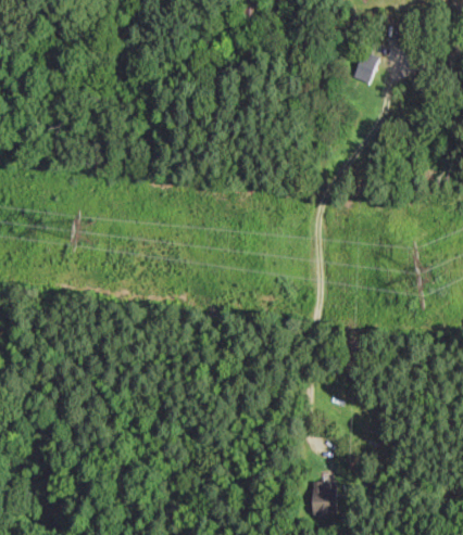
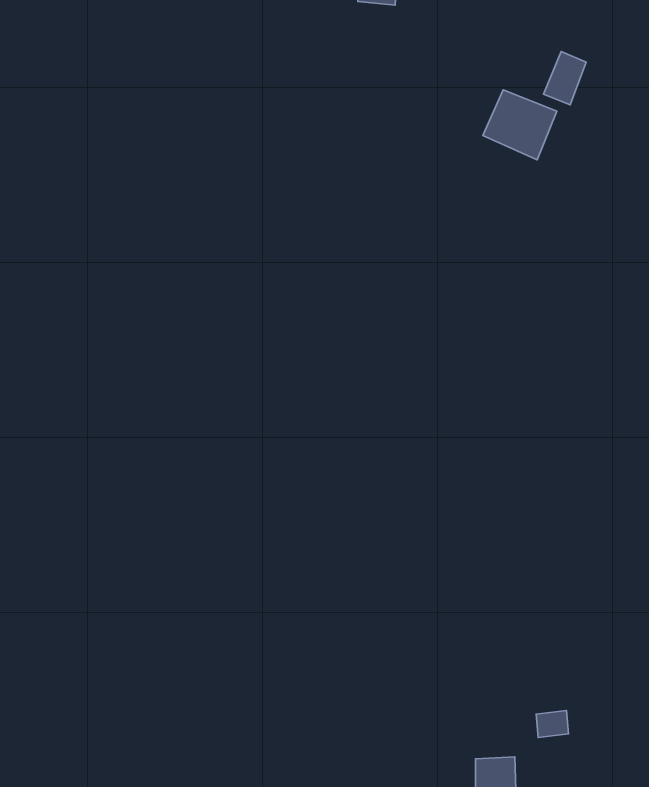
building: none -> [483,90,557,160]

